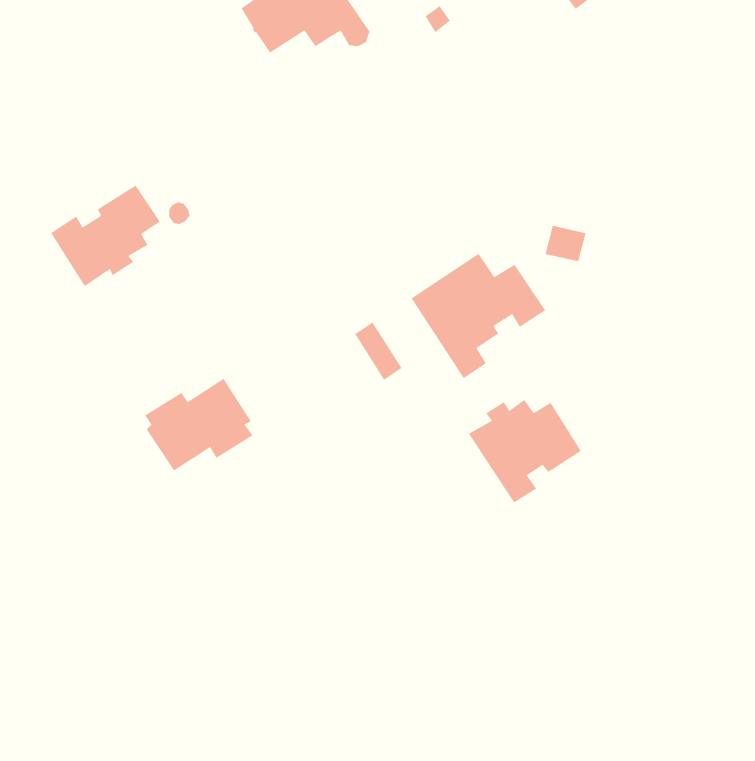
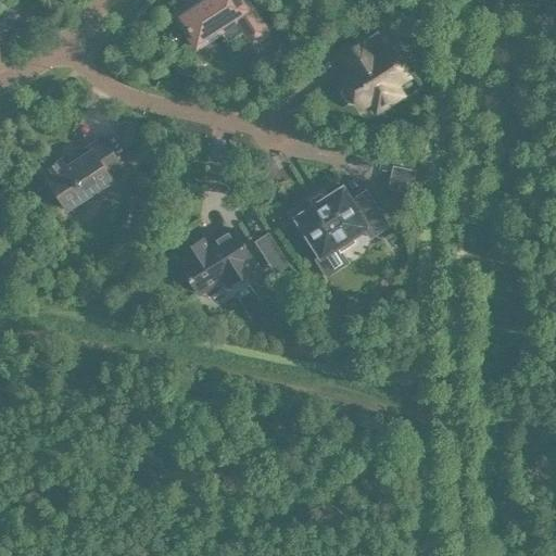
building: none -> [339,30,407,113]
building: [144,378,253,471] -> [178,229,254,294]
building: [468,399,582,503] -> none

